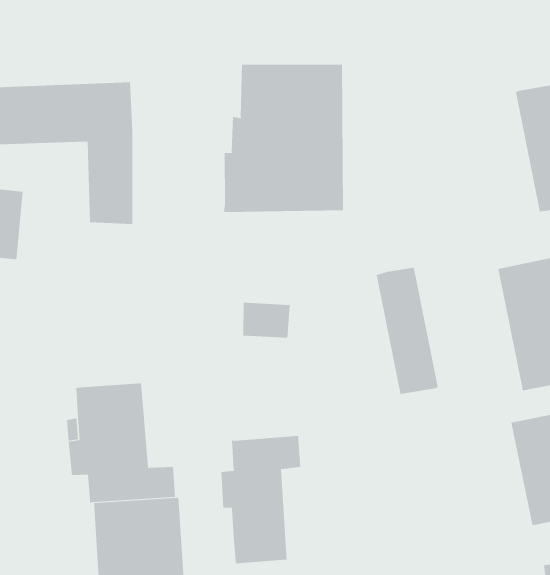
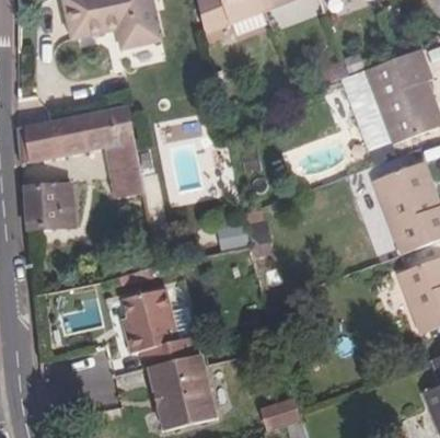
building: [224,64,343,213] -> none
building: [376,267,438,395] -> [341,70,392,150]
building: [221,435,301,564] -> none

